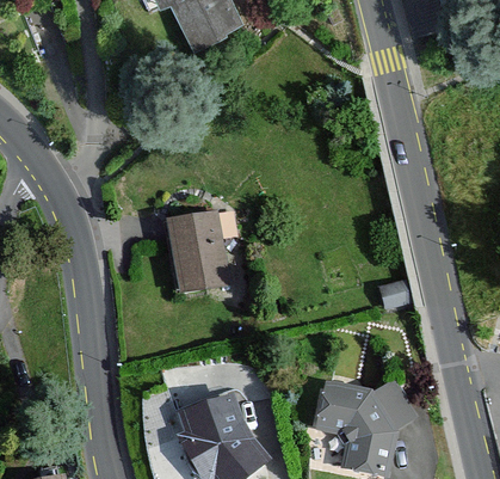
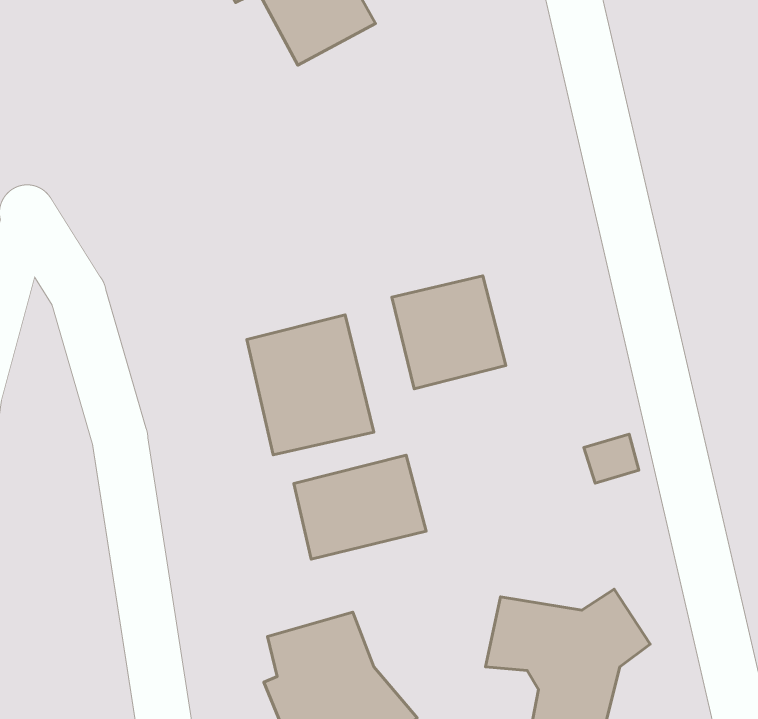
building: none -> [392,276,506,389]
building: none -> [294,455,426,559]

